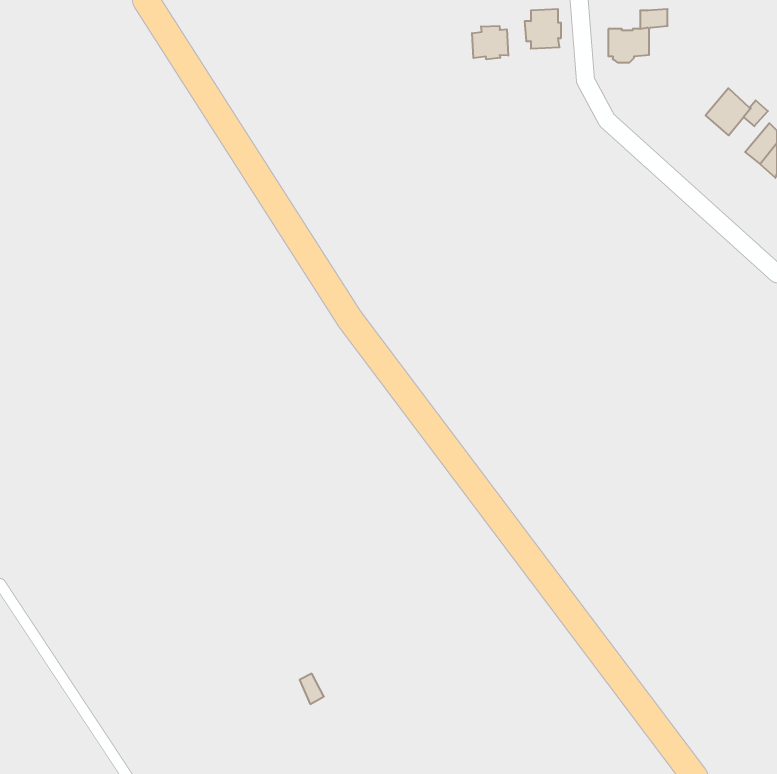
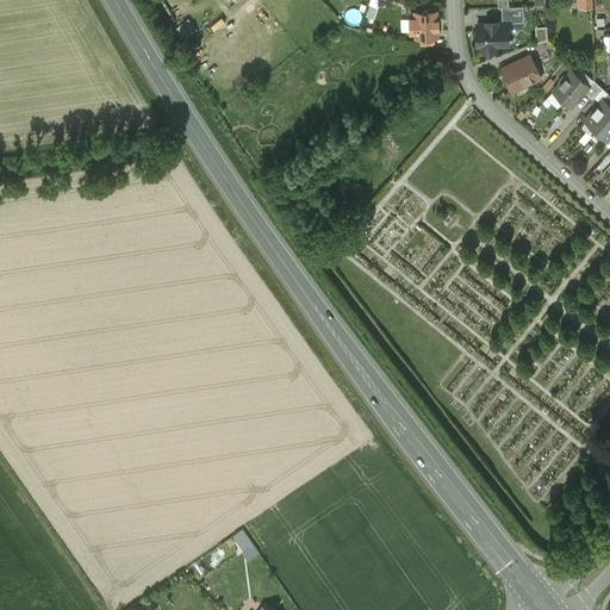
building: [472,26,508,59] -> none
building: none -> [502,57,540,91]

